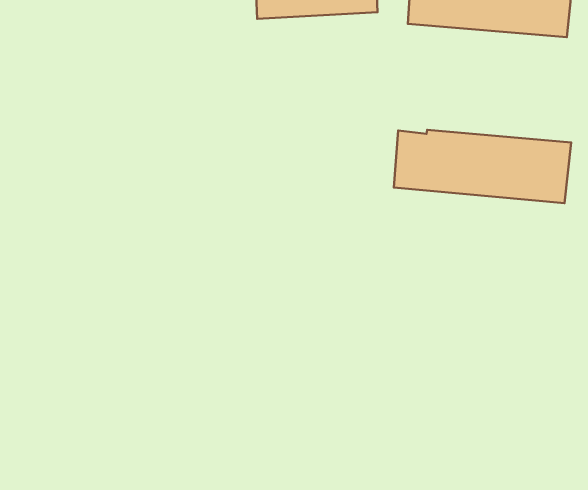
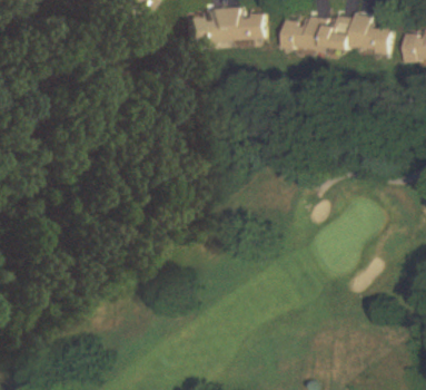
building: [394,130,571,203] -> none

